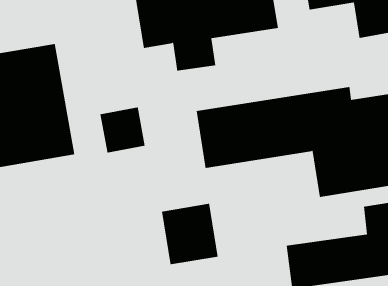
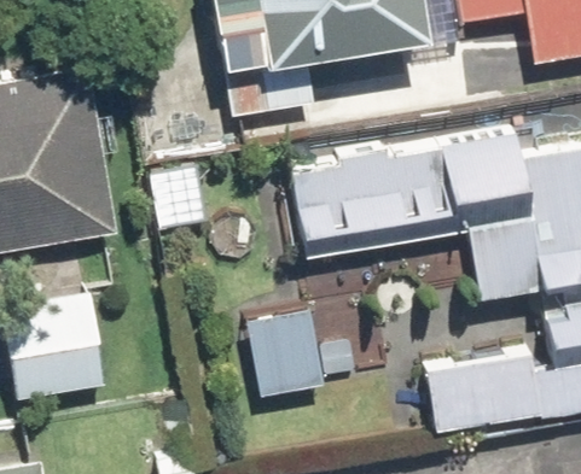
building: none -> [8,291,108,403]

